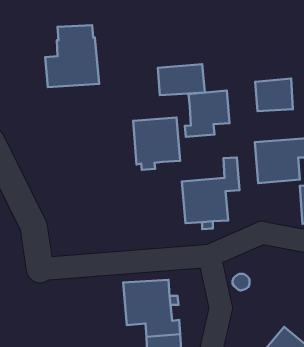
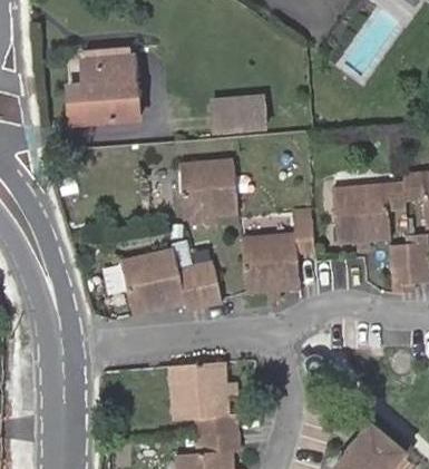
building: [255,79,293,111] -> none
building: [185,90,229,137] -> none
building: none -> [121,251,221,315]

